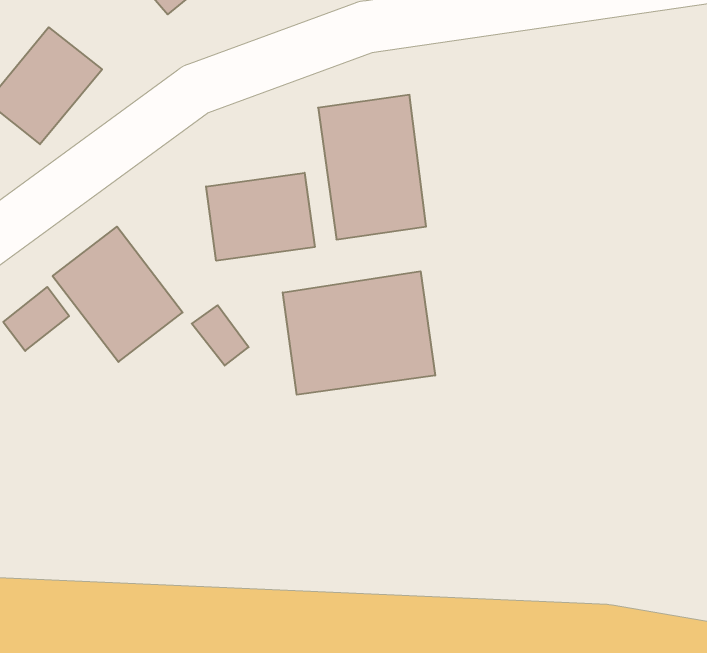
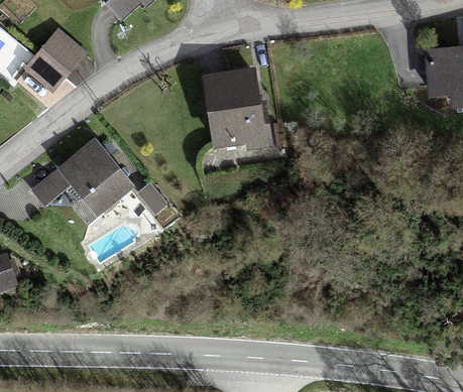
building: [206,173,315,261] -> none
building: [283,271,435,395] -> none

